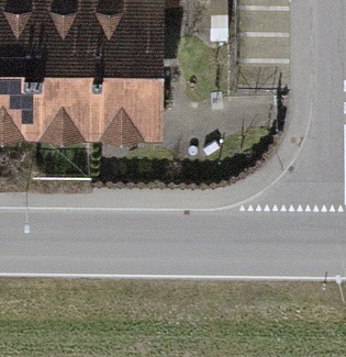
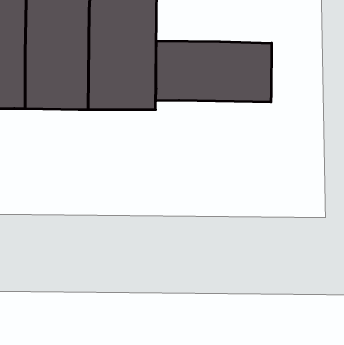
building: none -> [156,41,272,102]

